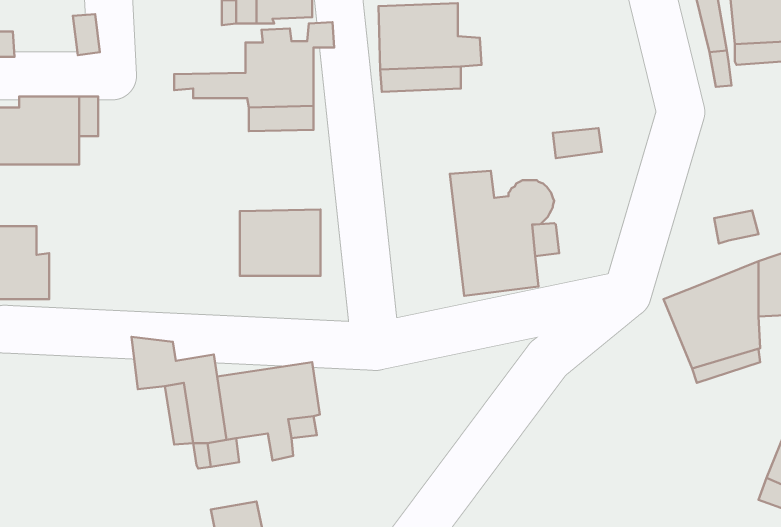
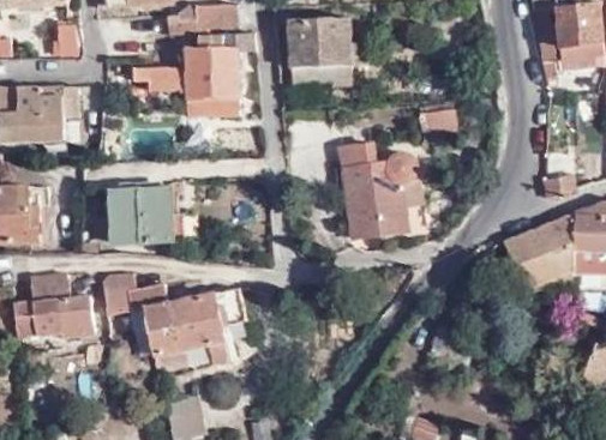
building: [240,209,321,276] -> [107,185,168,235]
building: none -> [12,275,94,342]

